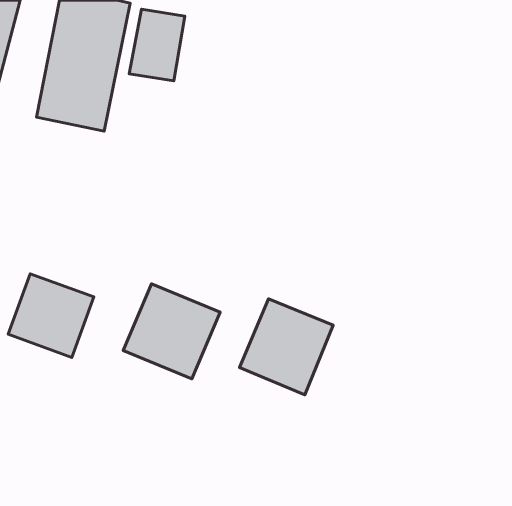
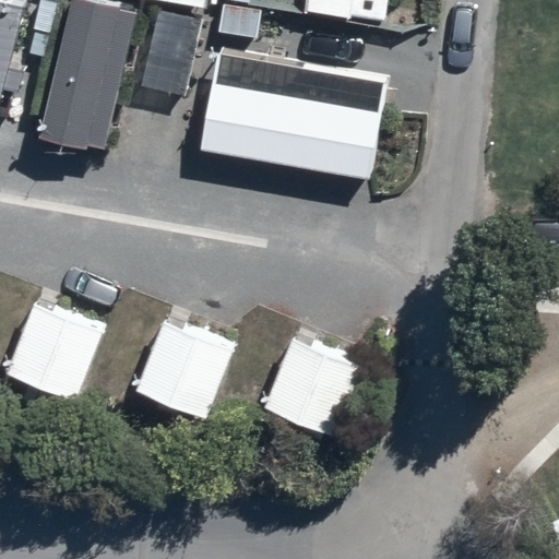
building: none -> [198,59,379,176]

